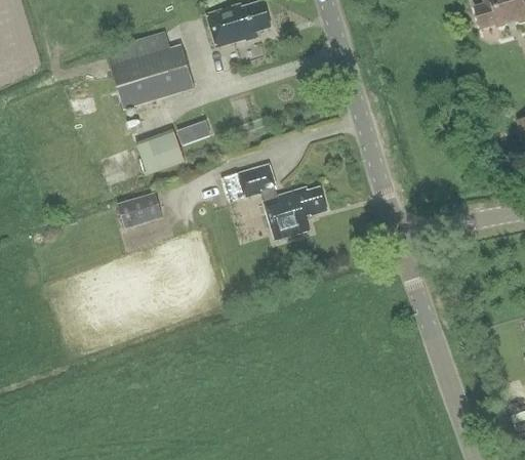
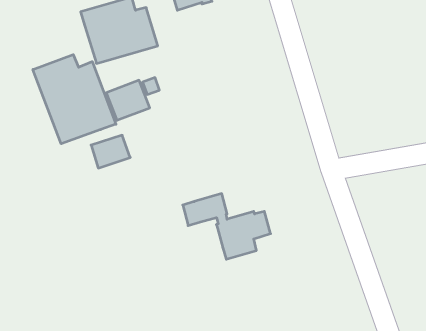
building: none -> [33,55,116,144]
building: [225,164,326,240] -> [183,194,271,259]

